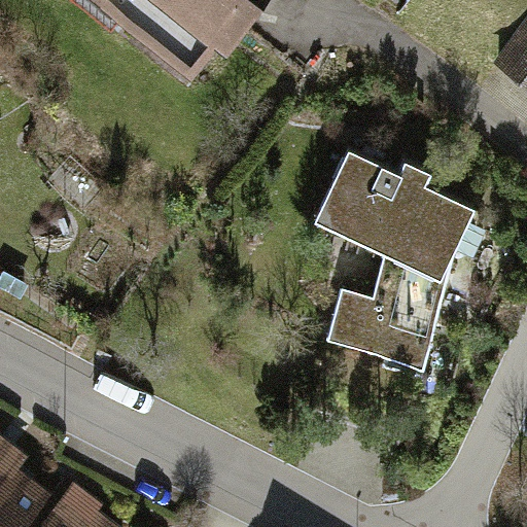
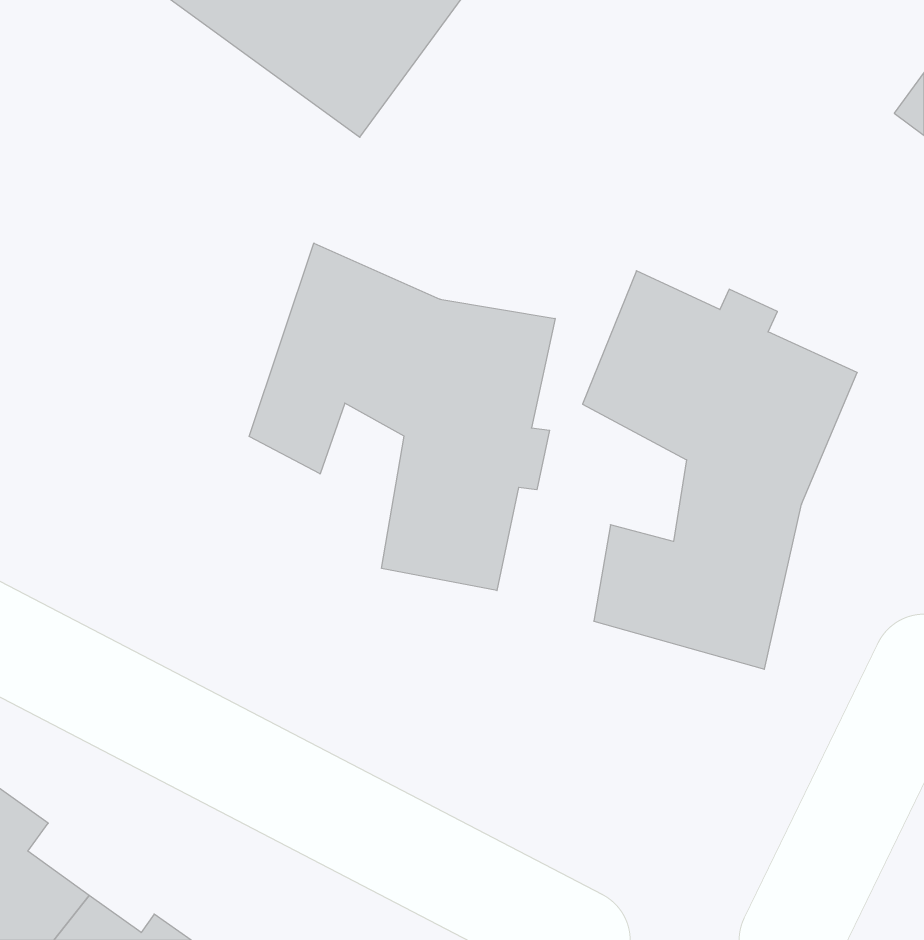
building: none -> [249,243,555,591]

